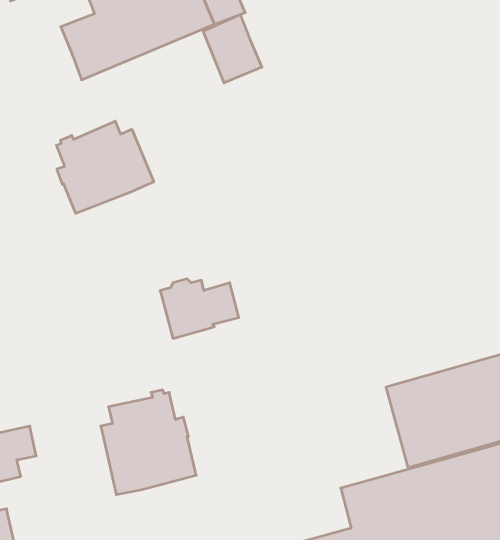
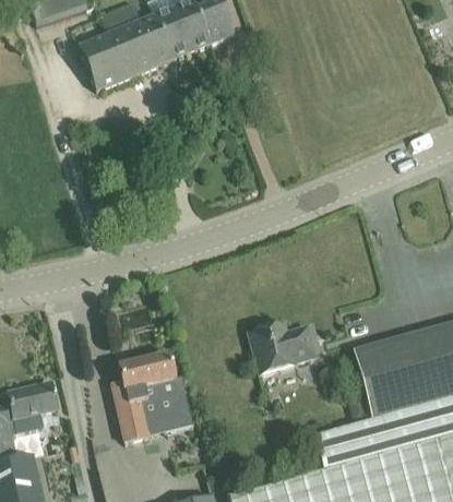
building: [203,15,262,83] -> none
building: [56,121,154,213] -> none
building: [160,279,239,338] -> [249,323,315,373]

